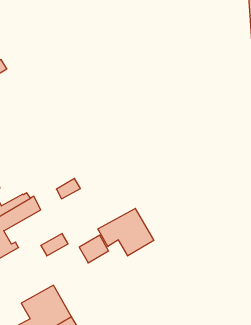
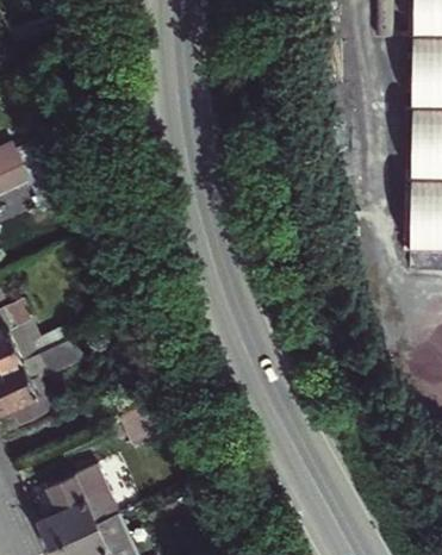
building: [98,208,154,256] -> none

